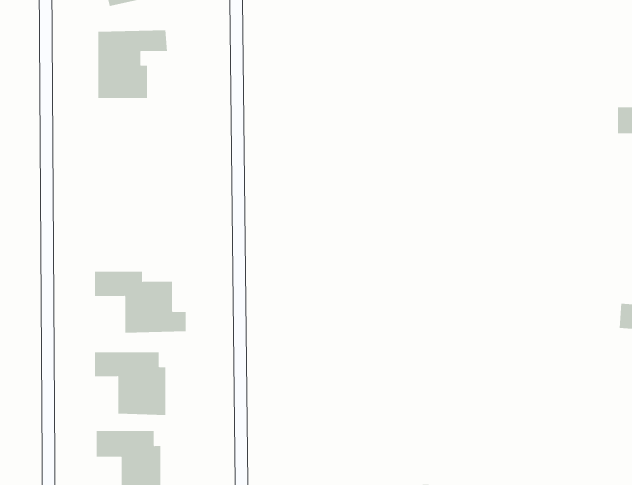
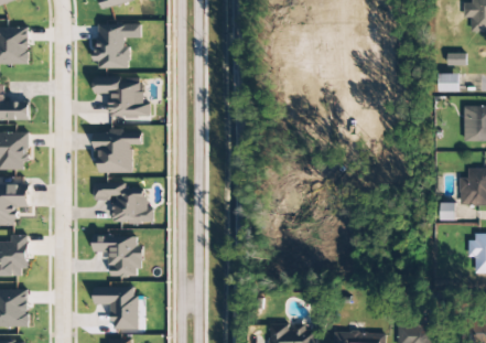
building: none -> [94,76,151,117]
building: none -> [94,130,142,173]

